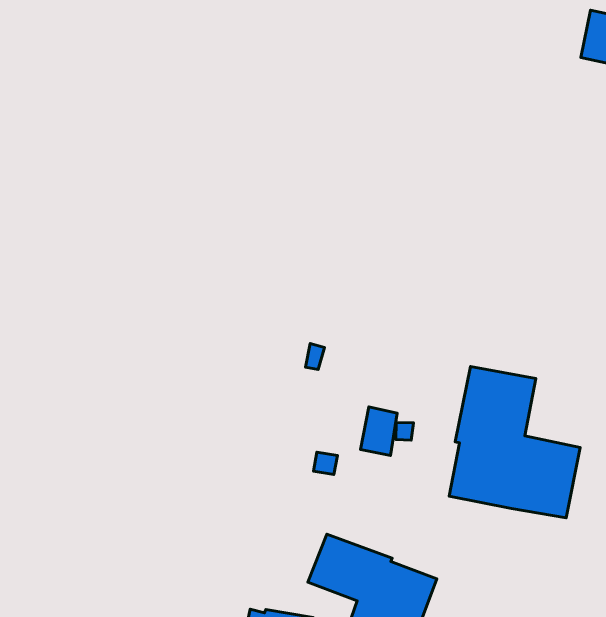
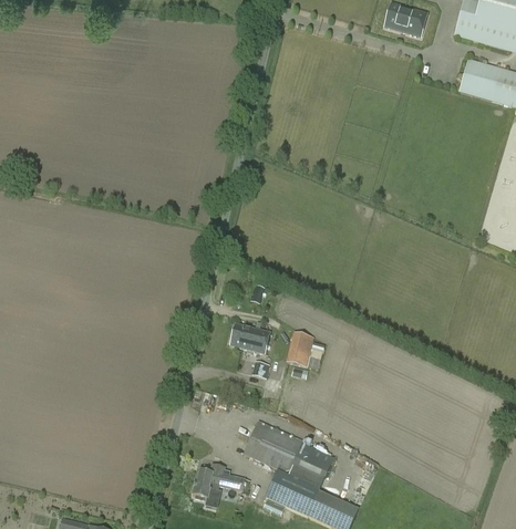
building: [449,367,580,518] -> none
building: none -> [230,322,269,354]

